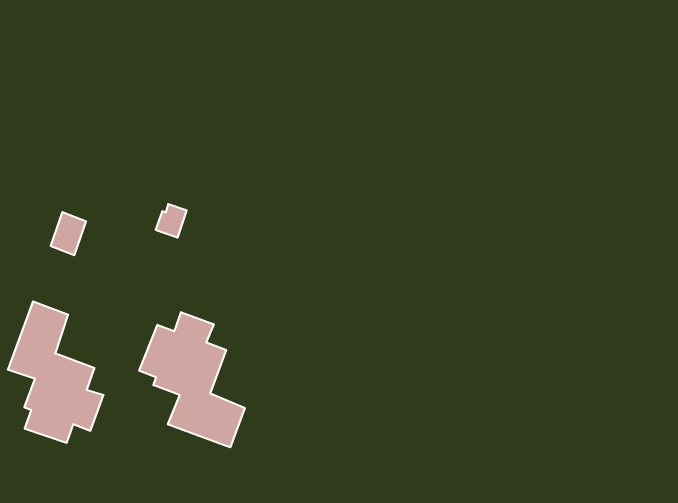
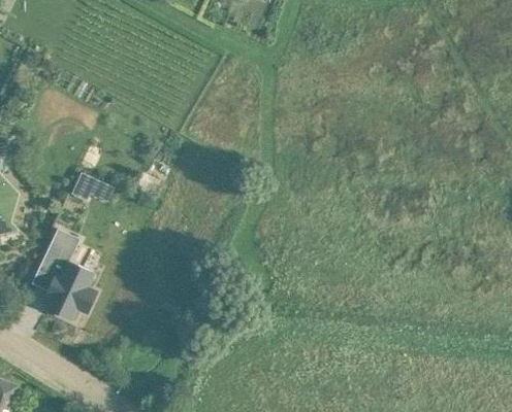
building: [139,312,245,447] -> none

